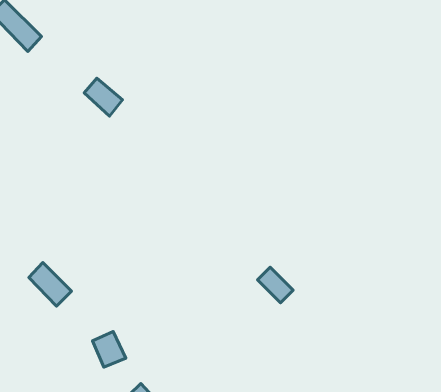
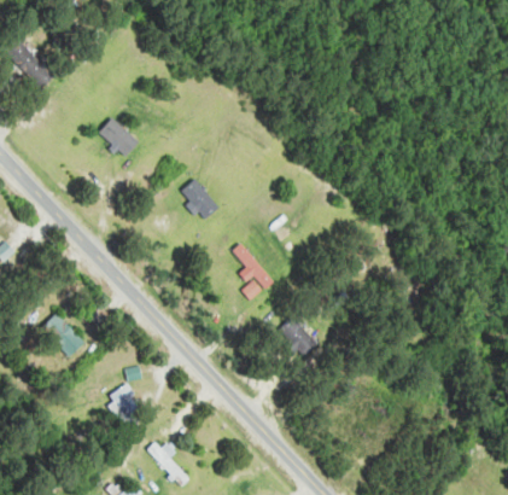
building: none -> [180,179,218,220]
building: none -> [233,243,271,289]

